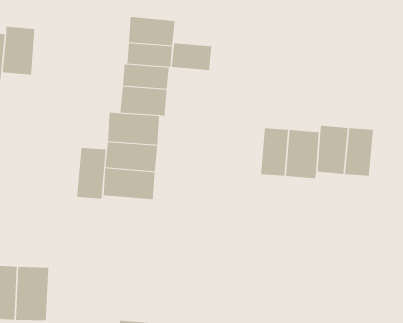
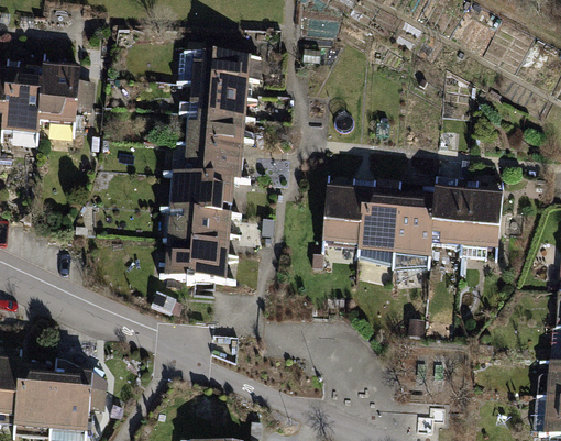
building: [171,43,212,71] -> none
building: none -> [322,188,363,246]
building: [77,147,106,199] -> none

